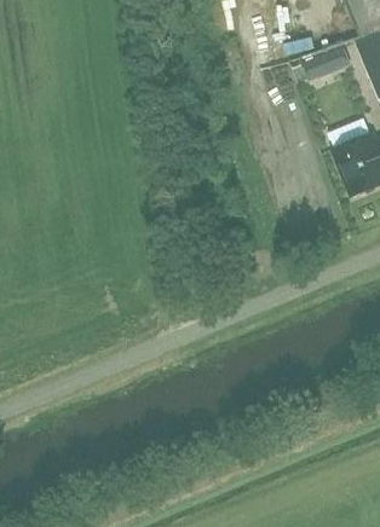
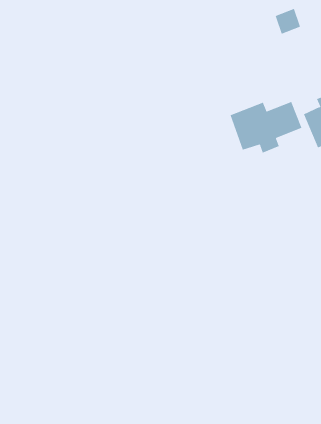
building: none -> [230,101,302,153]

